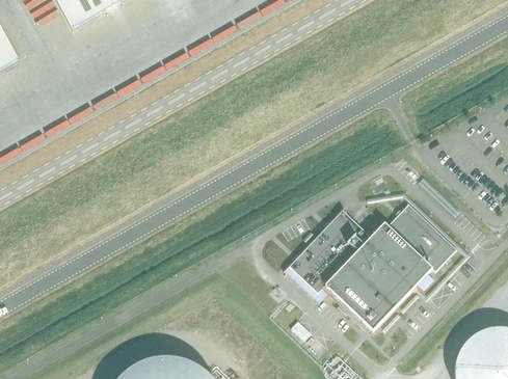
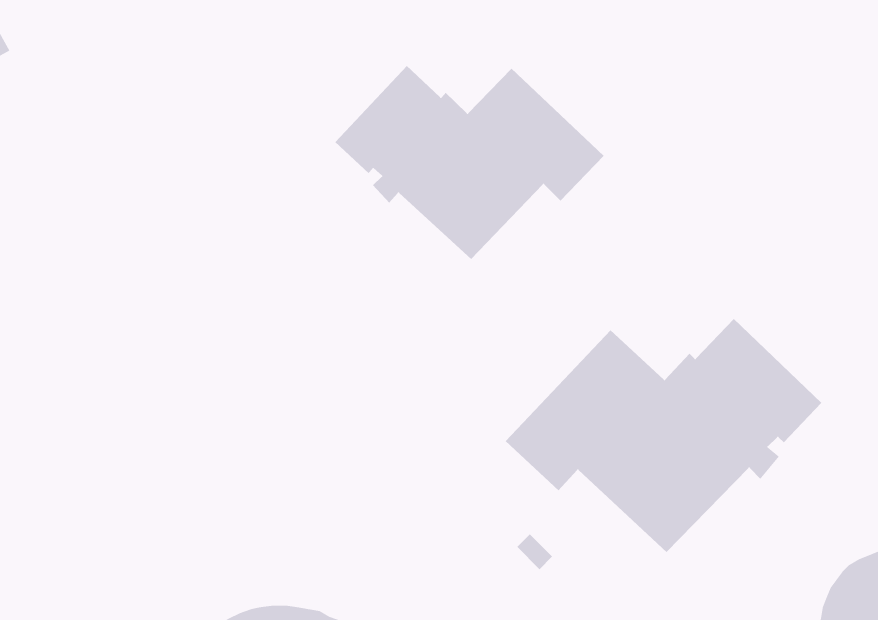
building: none -> [335,65,604,260]

